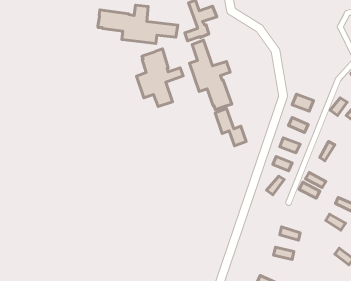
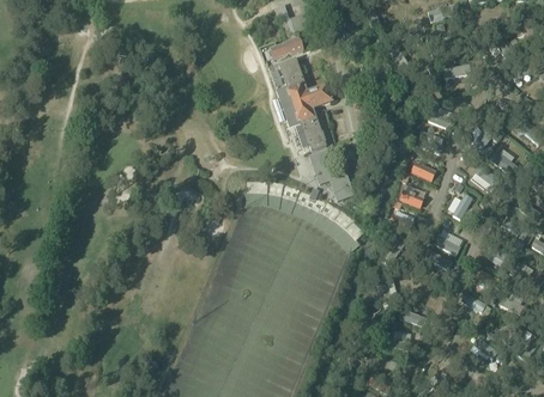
building: [98,5,178,44] -> none
building: [136,49,183,107] -> none

